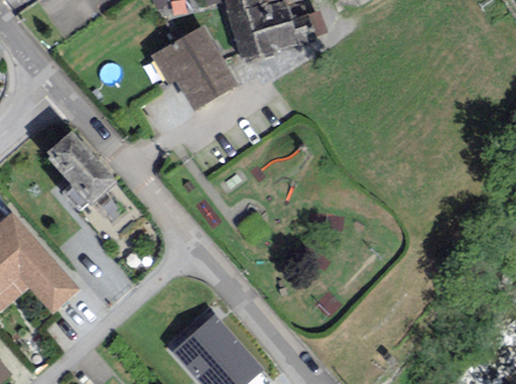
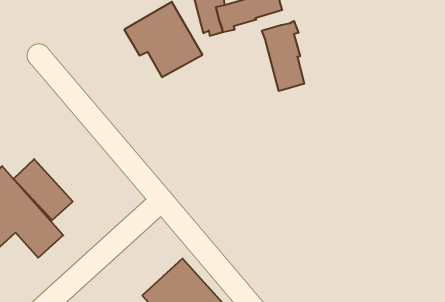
building: none -> [262,21,304,91]
building: [48,136,115,205] -> [13,159,73,220]

